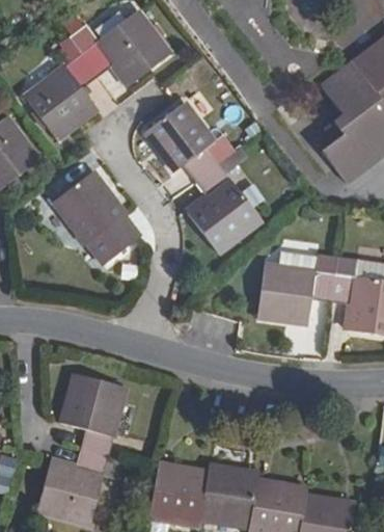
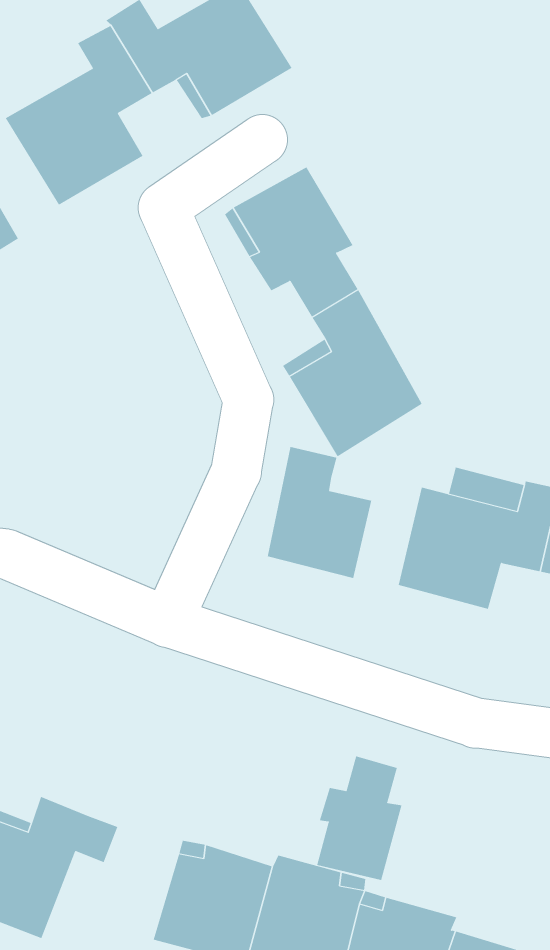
building: [52,172,137,263] -> none
building: none -> [267,446,372,579]
building: [63,373,129,455] -> none
building: none -> [316,756,402,881]

